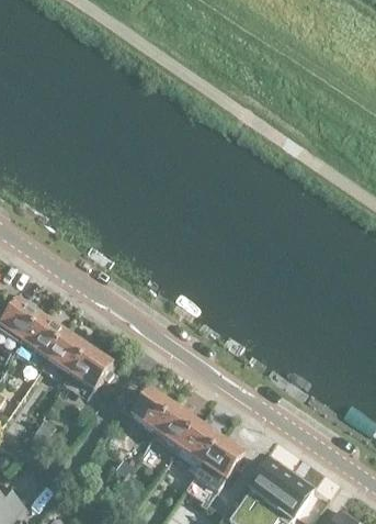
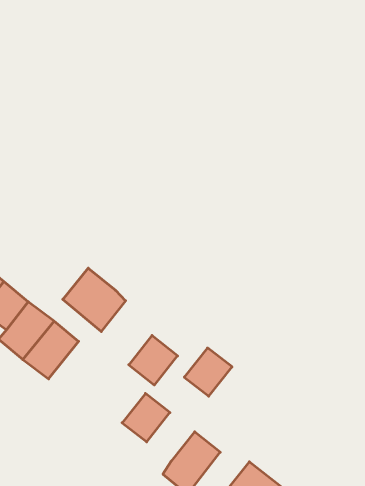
building: none -> [63,268,126,332]
building: [132,389,174,433] -> [129,335,178,385]
building: [179,421,220,464] -> [184,348,232,396]

